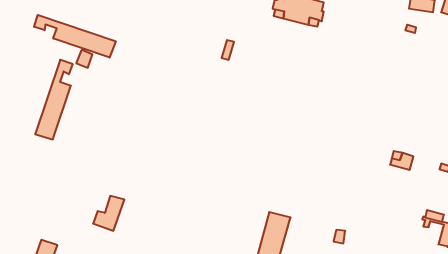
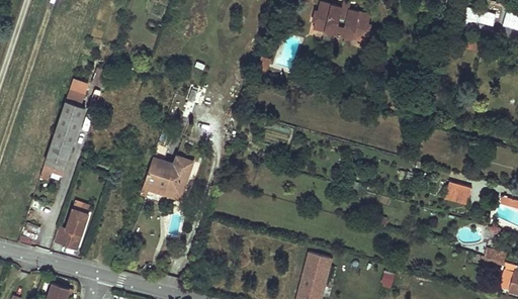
building: [34,15,116,58] -> none
building: none -> [144,157,193,194]
building: [93,196,124,231] -> [54,209,89,248]

